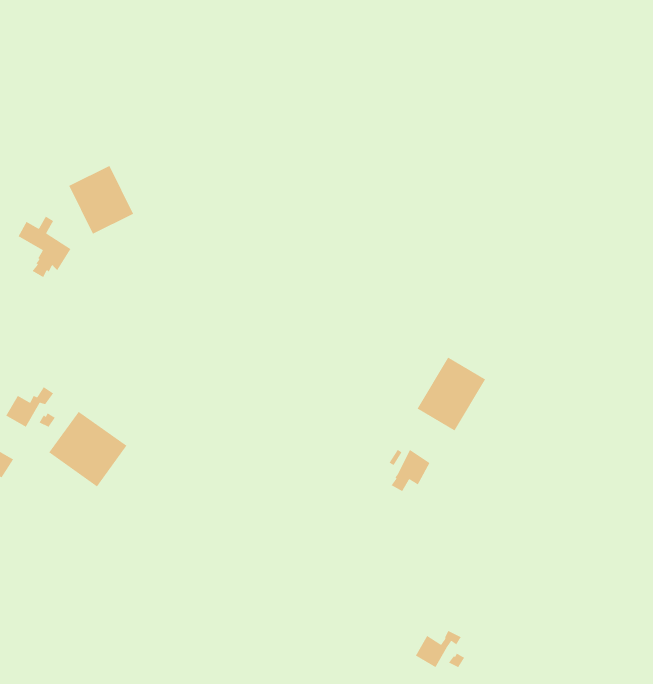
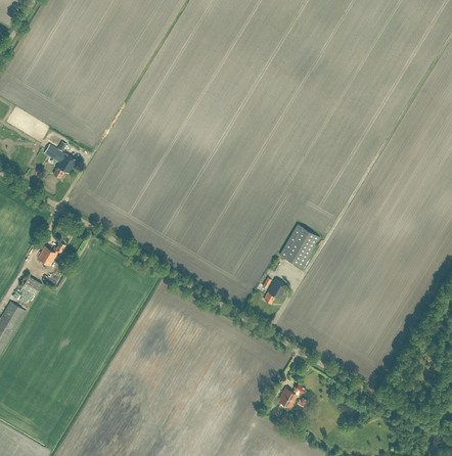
building: [68,165,134,235] -> none
building: [48,411,127,487] -> none

